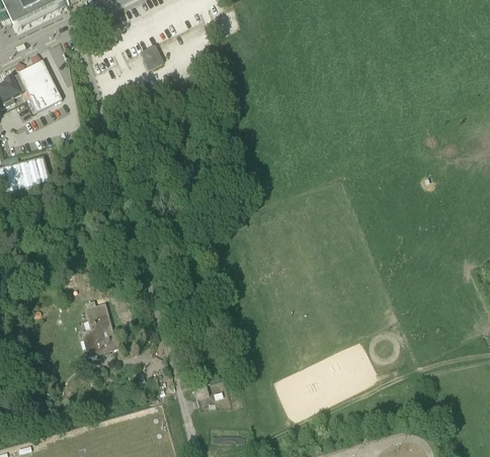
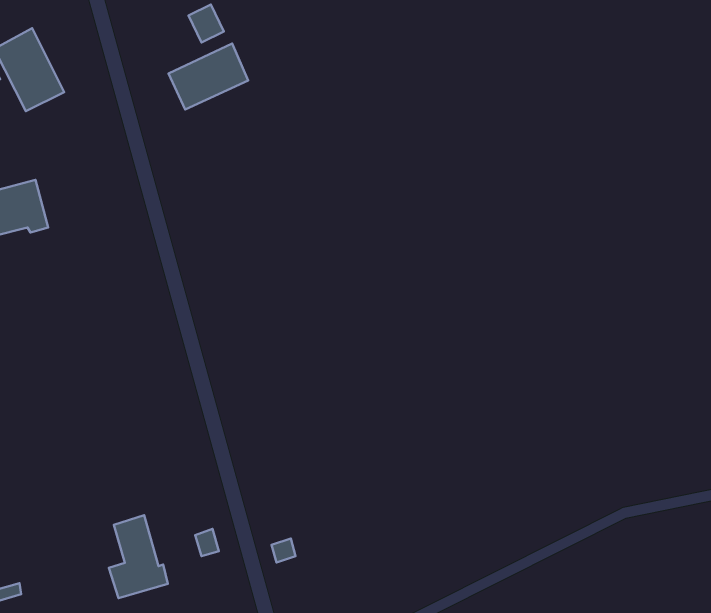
building: none -> [168,44,248,109]
building: [82,304,119,357] -> [109,515,168,598]

